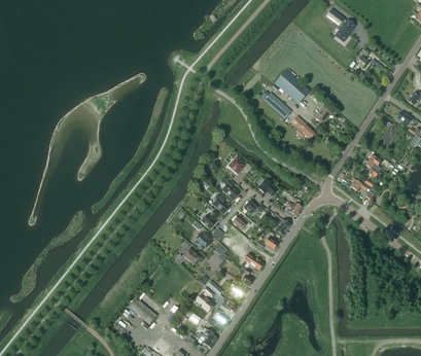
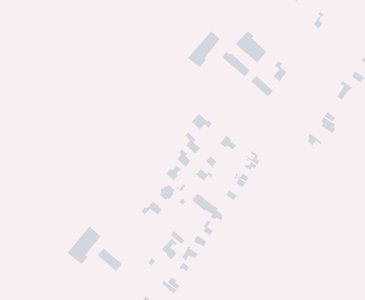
building: none -> [187,30,221,68]
building: none -> [66,226,101,265]

